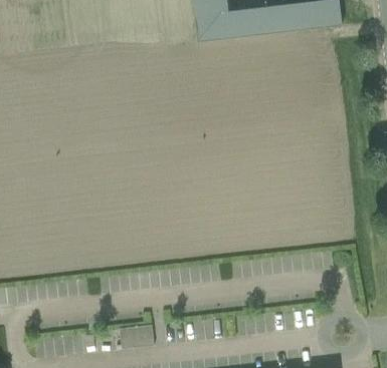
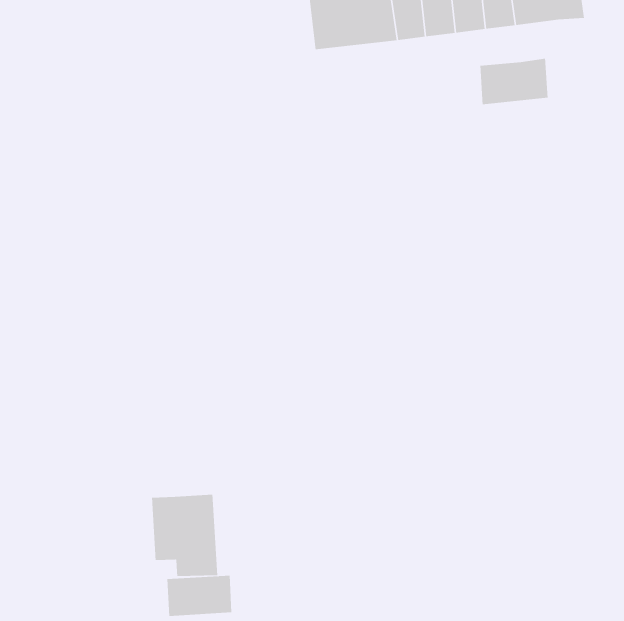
building: none -> [480,58,548,105]
building: none -> [152,494,218,577]

